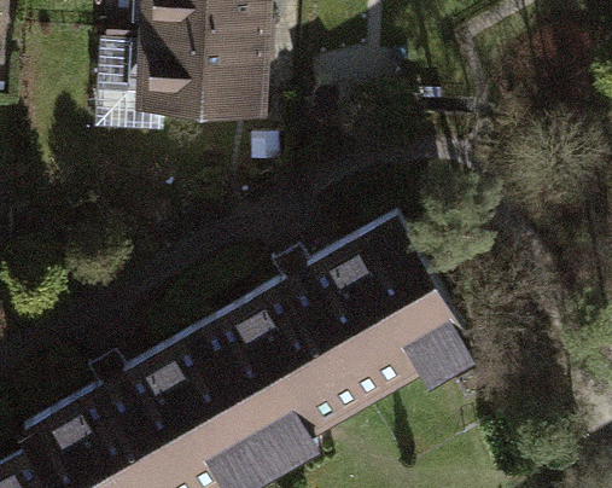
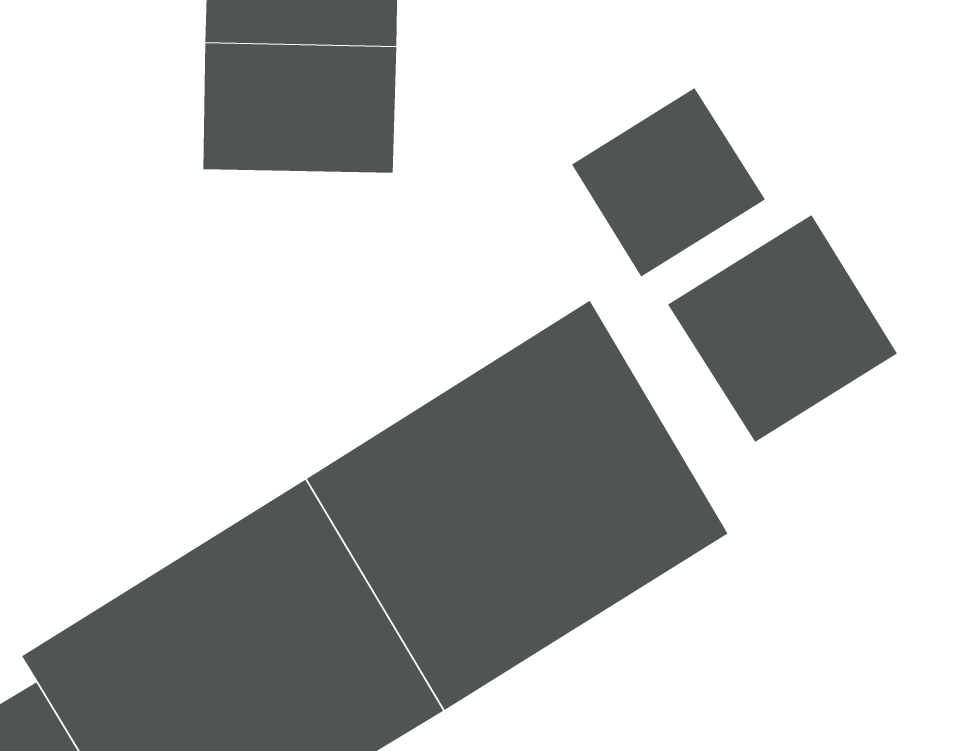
building: none -> [571,87,766,278]
building: none -> [667,214,898,443]

